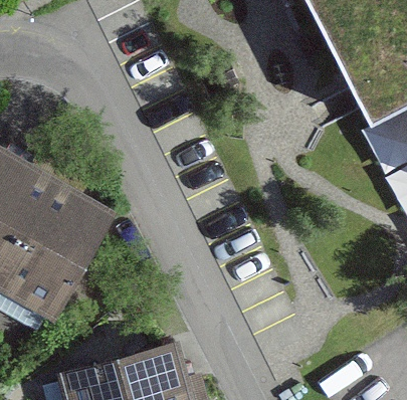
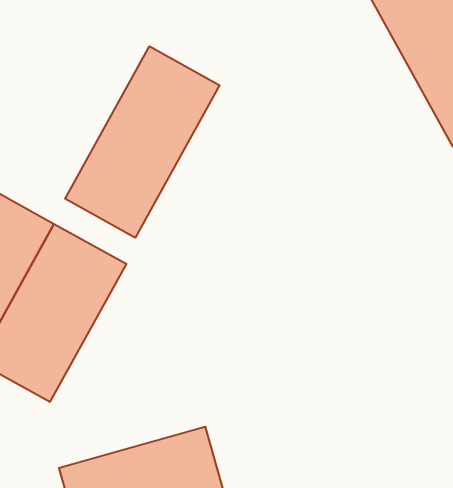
building: none -> [65,46,220,238]

